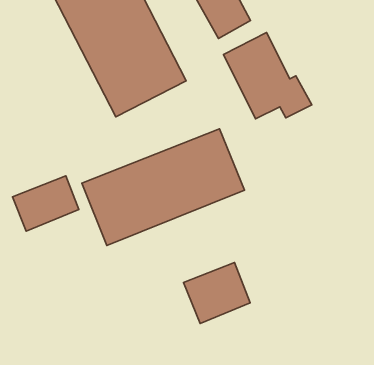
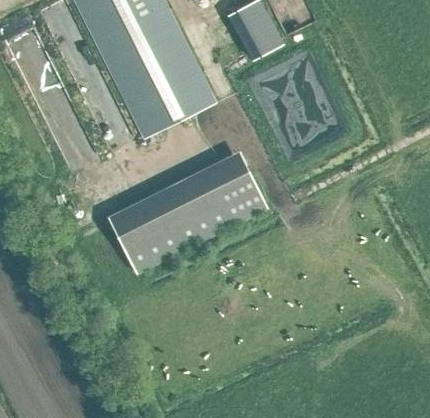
building: [12,176,79,231] -> none
building: [184,263,250,324] -> none

